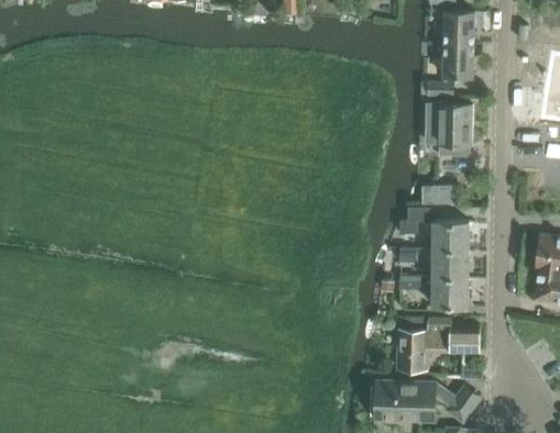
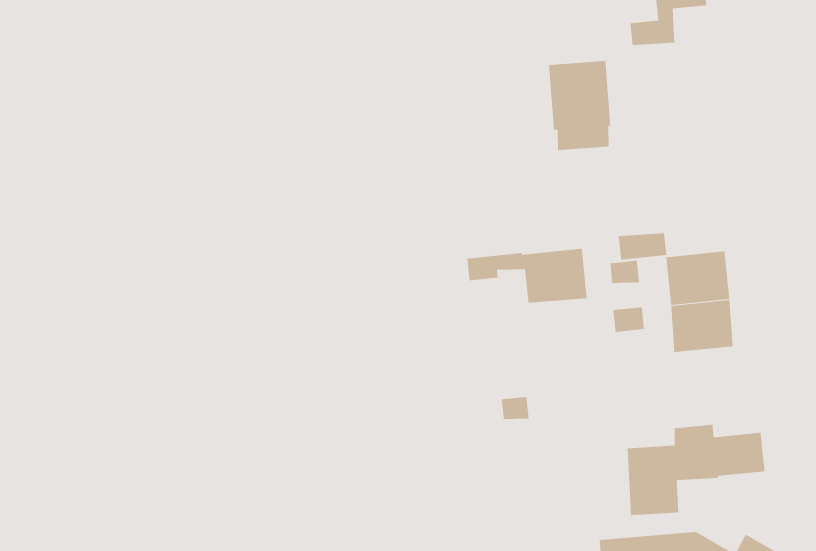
building: [438,103,473,155] -> [548,60,611,151]
building: [422,185,460,203] -> none
building: [400,275,469,306] -> [466,248,588,303]

